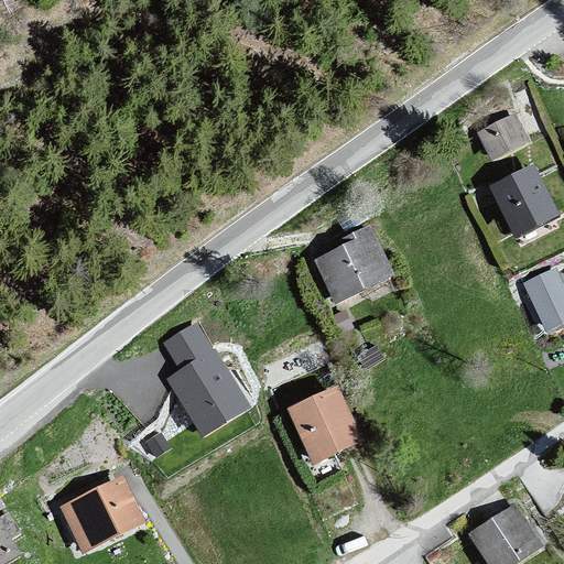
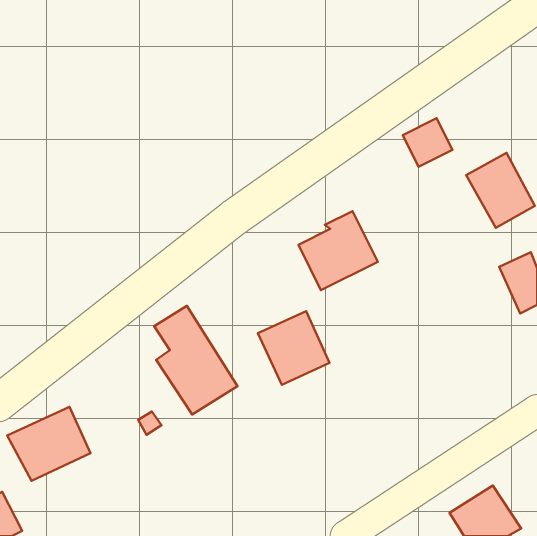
building: [476,111,528,162] -> [403,118,452,167]
building: [291,389,366,466] -> [258,311,329,385]
building: [58,477,145,554] -> [7,407,91,481]

